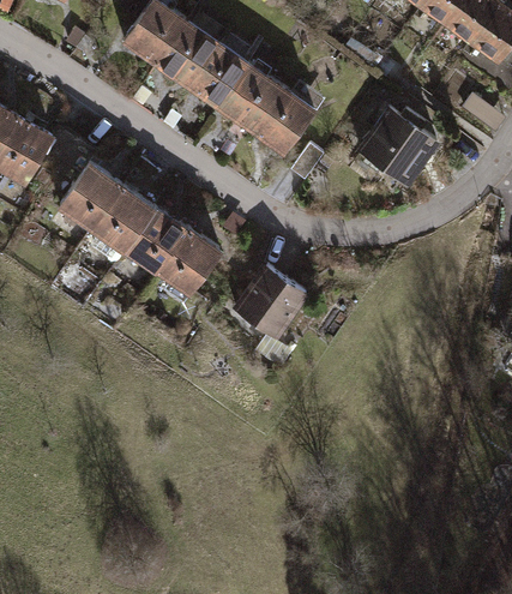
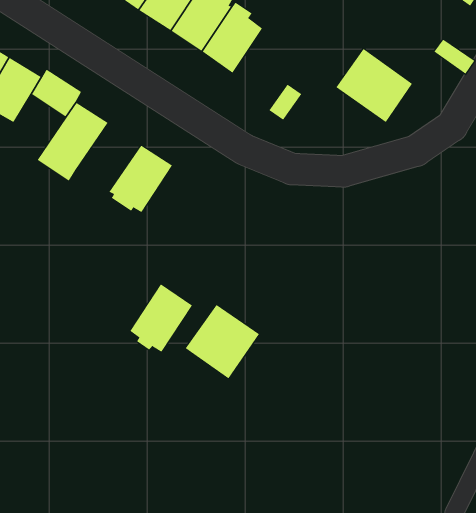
building: [252,80,323,154] -> none
building: [89,184,156,256] -> none
building: [157,228,223,300] -> [129,284,193,353]
building: [231,263,309,341] -> [185,304,260,379]

